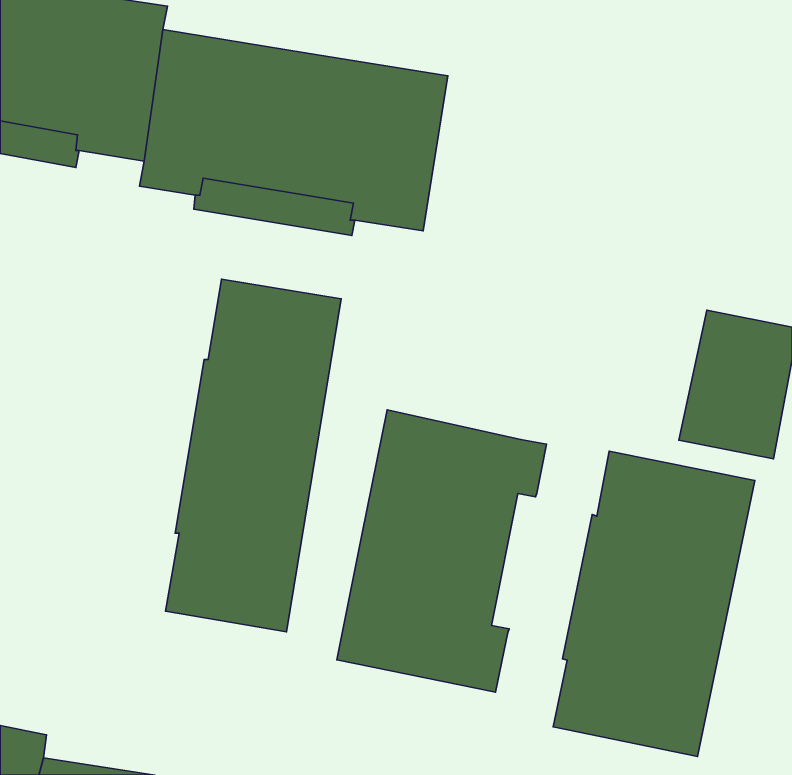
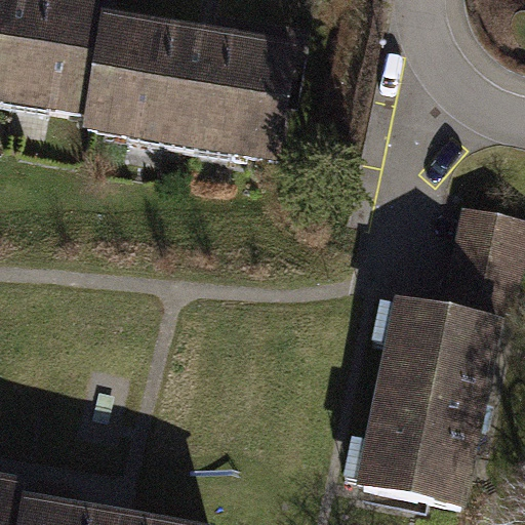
building: [166,279,341,632] -> none
building: [337,410,547,692] -> none

